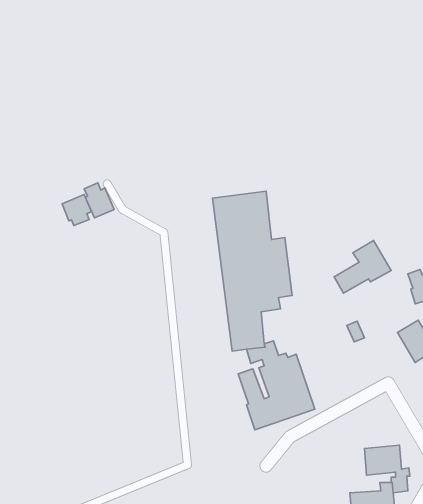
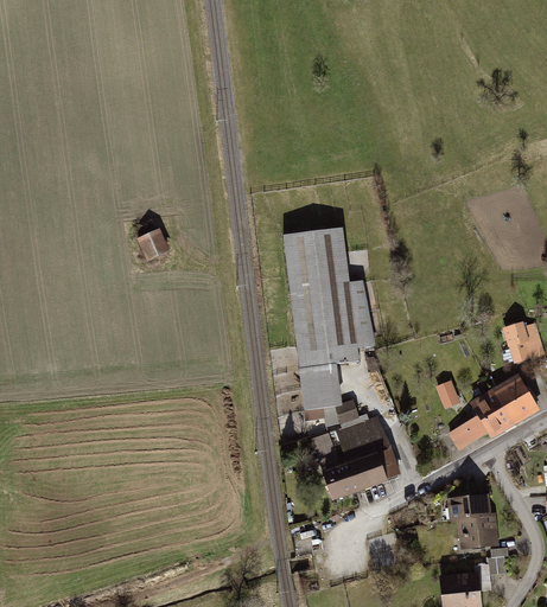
building: [62,194,92,226] -> none
building: [334,241,391,293] -> [449,390,514,451]
building: none -> [450,497,496,523]

